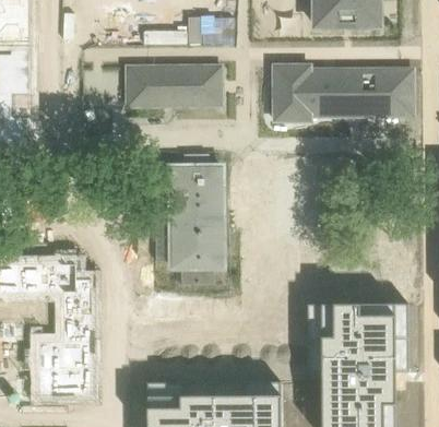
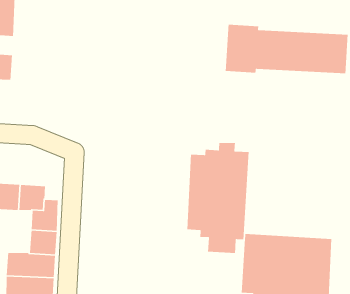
building: [128,66,222,106] -> none
building: [155,156,223,284] -> [187,142,250,254]

